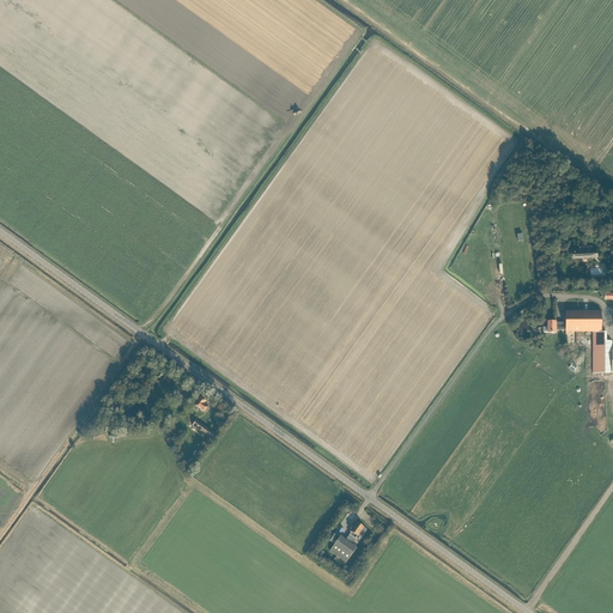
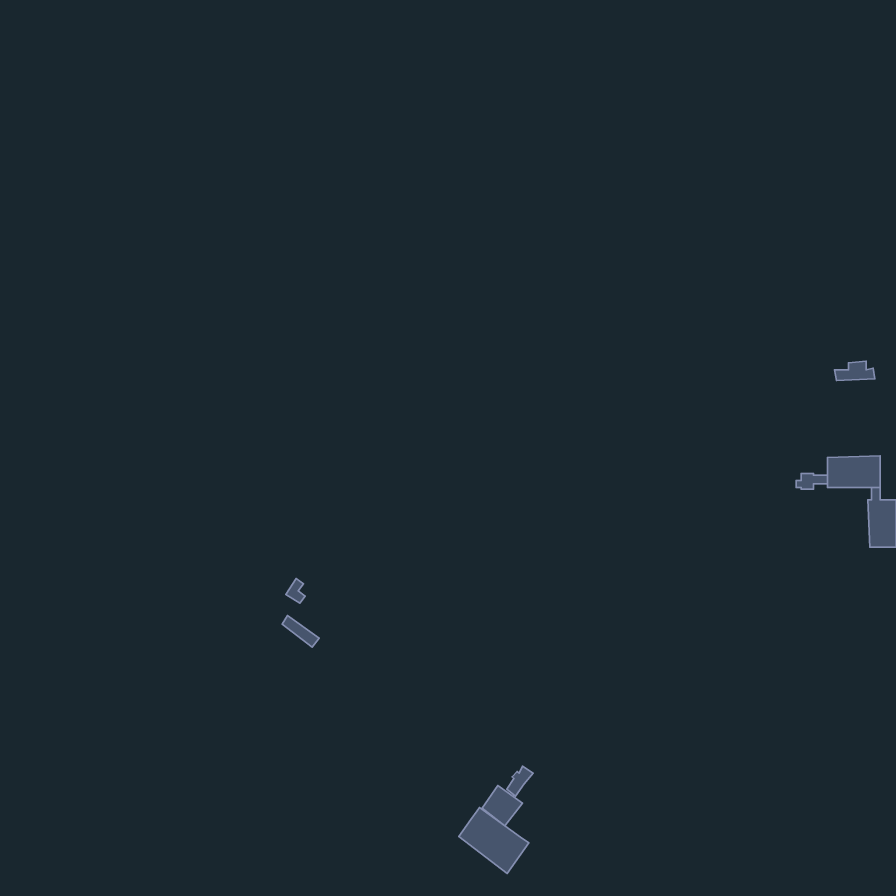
building: none -> [459,808,529,873]

